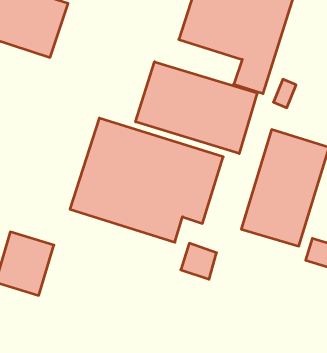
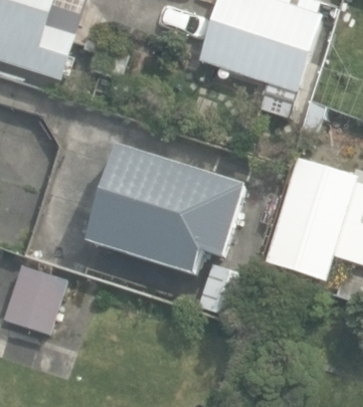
building: [136,62,257,154] -> none

